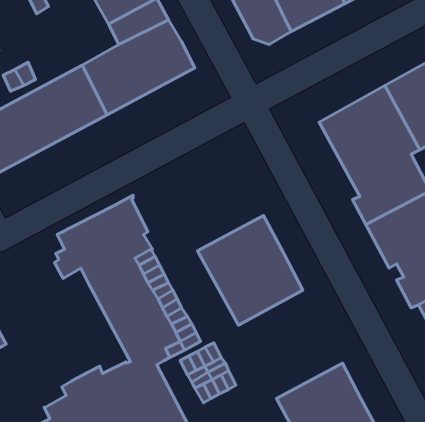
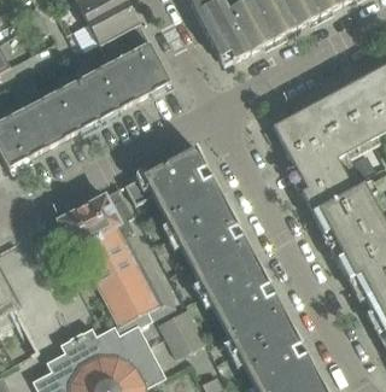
building: none -> [125,146,228,232]
building: none -> [207,264,293,353]

